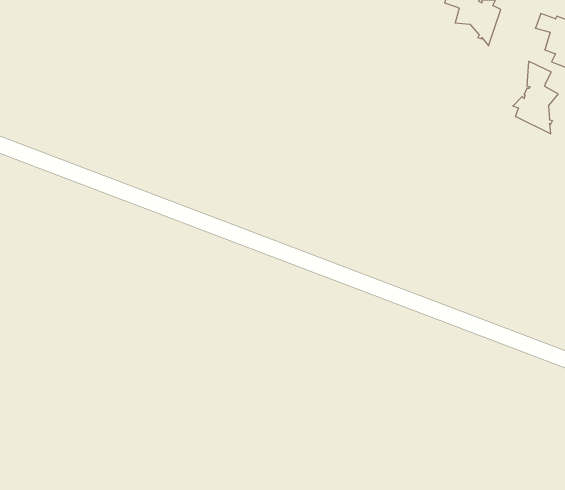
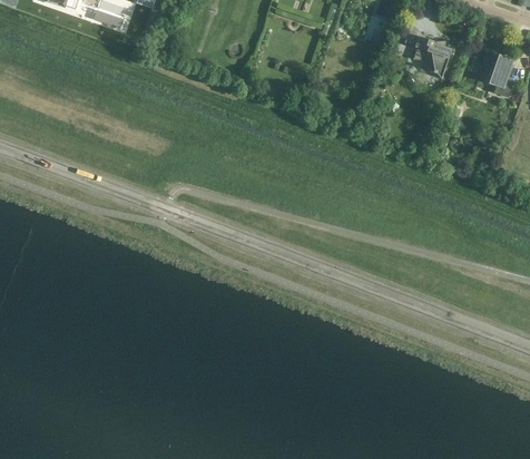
building: [513,61,558,134] -> none

